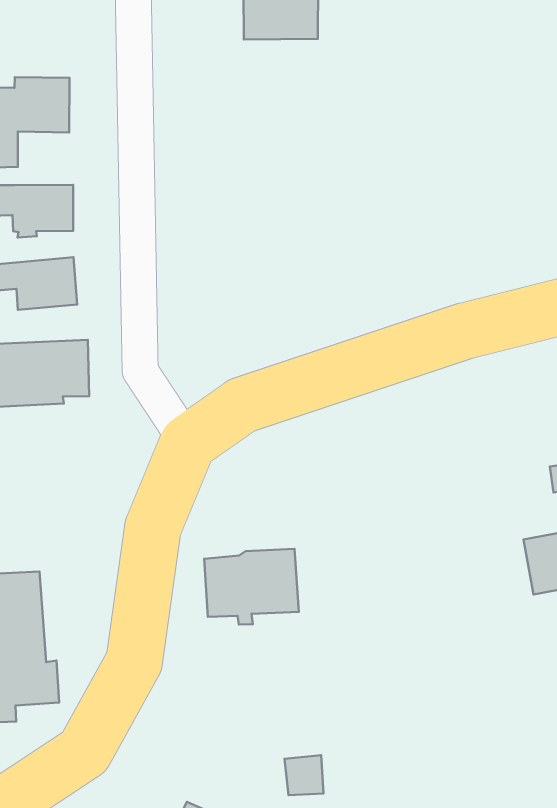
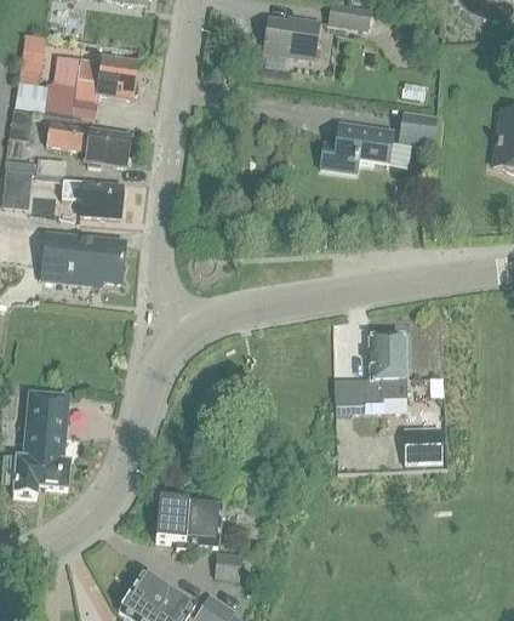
building: none -> [398,110,436,148]
building: none -> [321,123,393,172]
building: none -> [350,336,406,404]
building: [204,549,299,624] -> [155,498,222,549]

